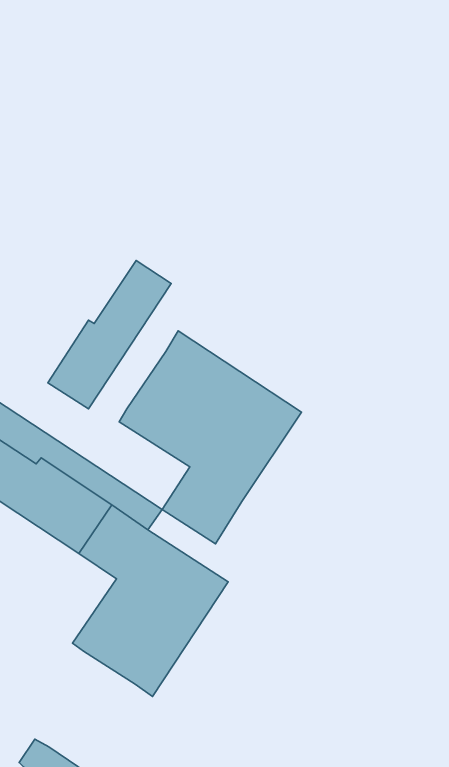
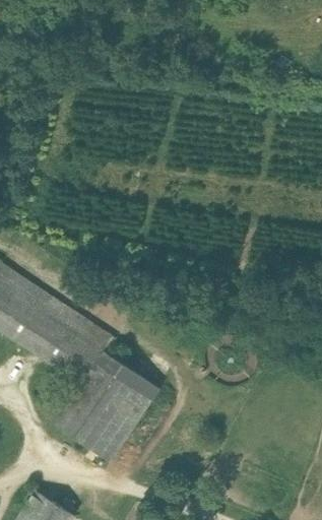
building: [48,261,171,409] -> none
building: [119,331,302,544] -> none

